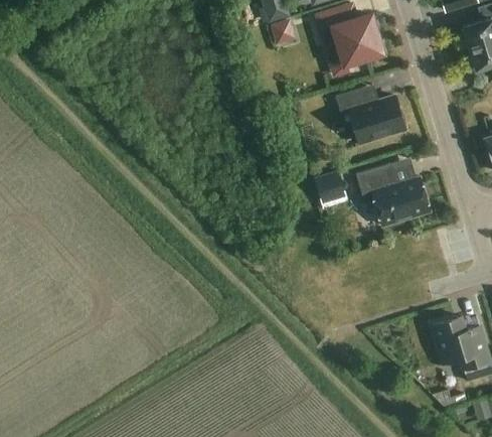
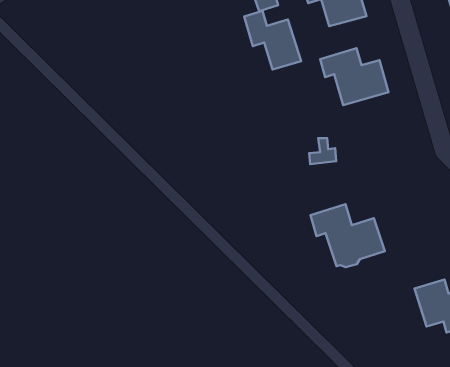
building: none -> [244,11,301,70]
building: [356,163,431,227] -> [311,204,385,267]

